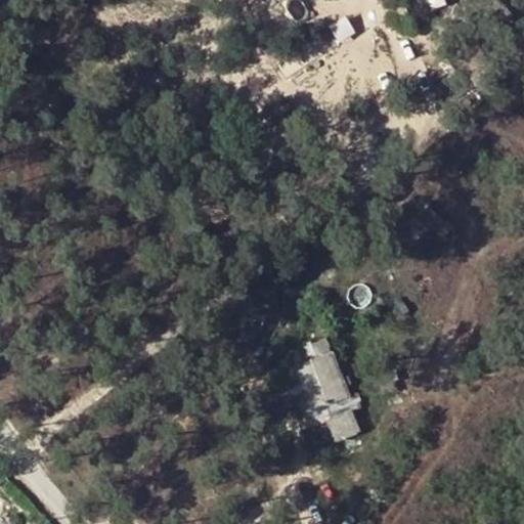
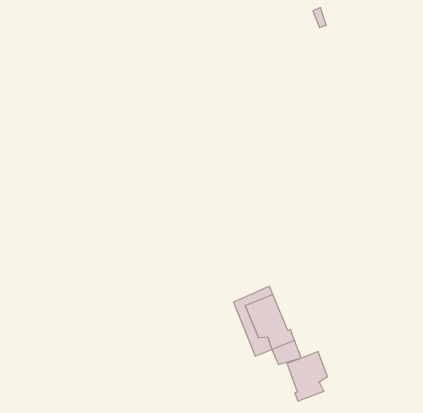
building: none -> [287,351,328,401]

